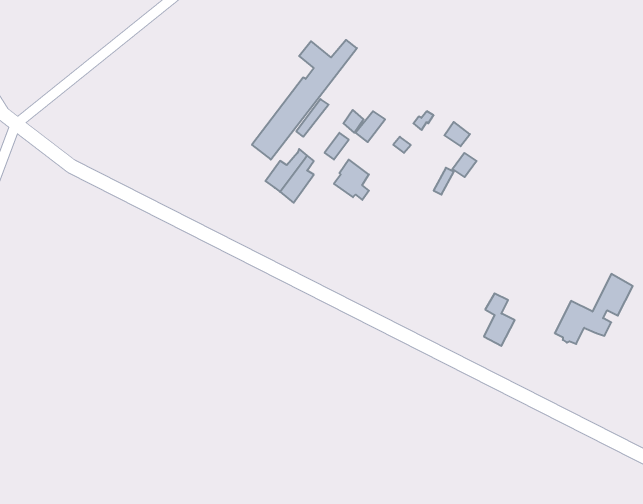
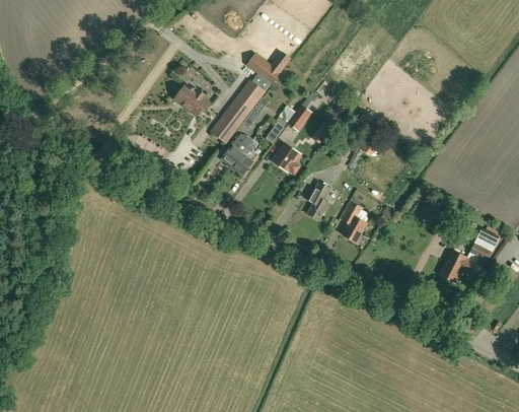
building: none -> [174,85,210,116]
building: none -> [306,182,330,220]
building: [484,293,515,346] -> [343,203,366,243]

